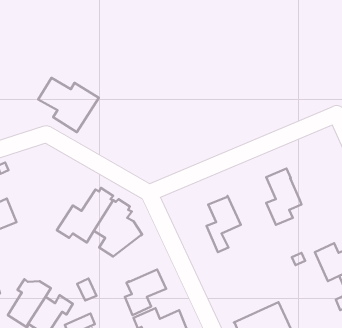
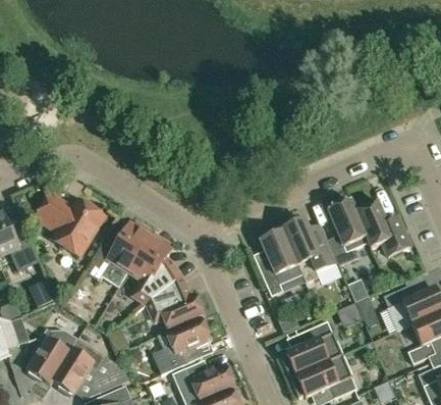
building: [38,78,99,132] -> [35,194,105,257]
building: none -> [354,201,410,254]
building: none -> [281,220,337,282]
building: none -> [147,277,205,332]
building: none -> [281,321,341,378]

